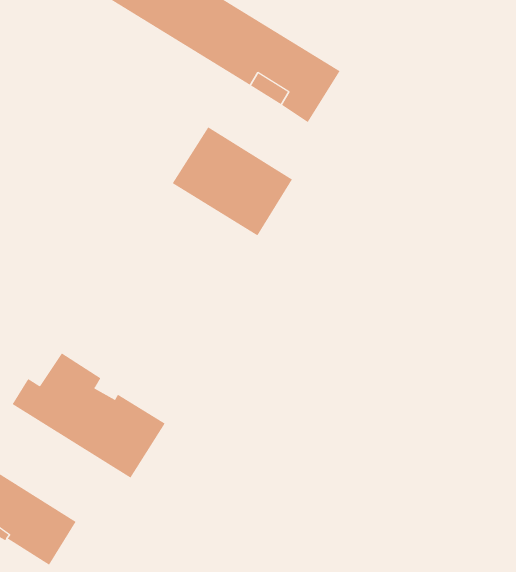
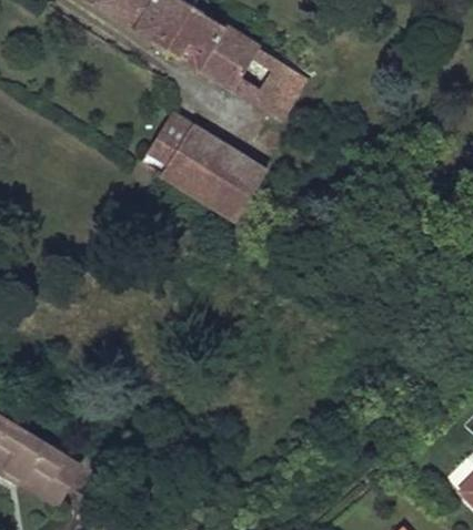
building: none -> [141,113,193,174]
building: [12,353,165,478] -> none

